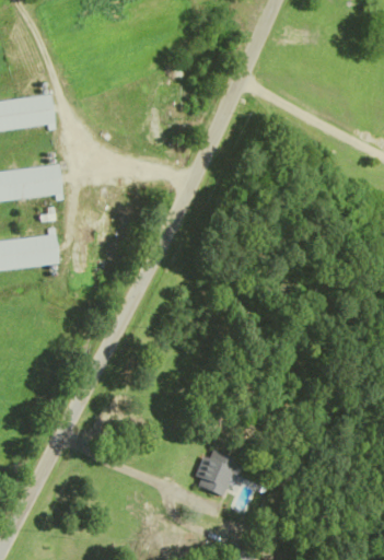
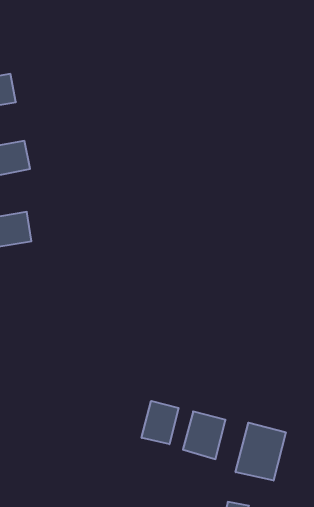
building: none -> [142,401,179,444]
building: none -> [236,423,286,481]

